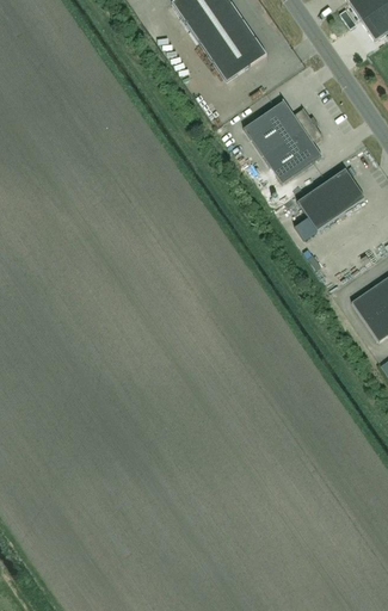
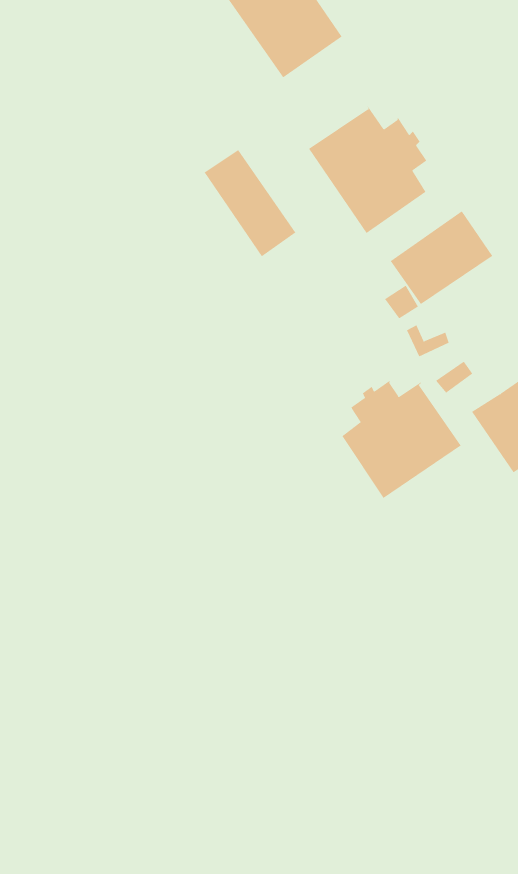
building: none -> [204,149,296,257]
building: none -> [340,380,461,499]

